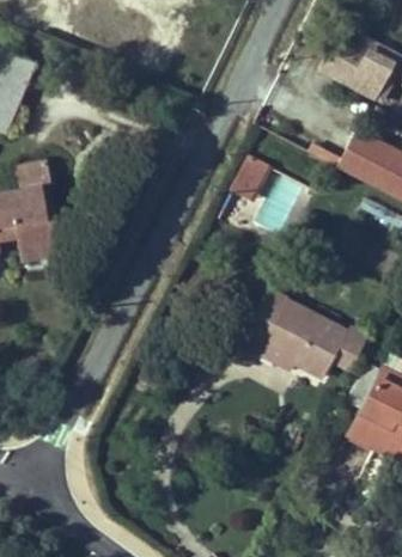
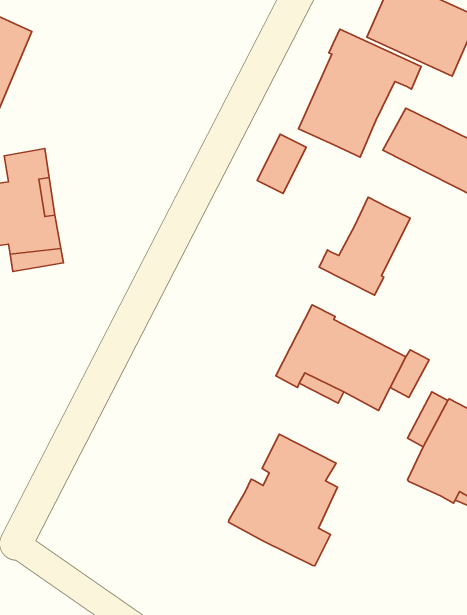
building: none -> [299,29,421,157]
building: none -> [319,197,410,295]
building: none -> [228,434,338,566]

